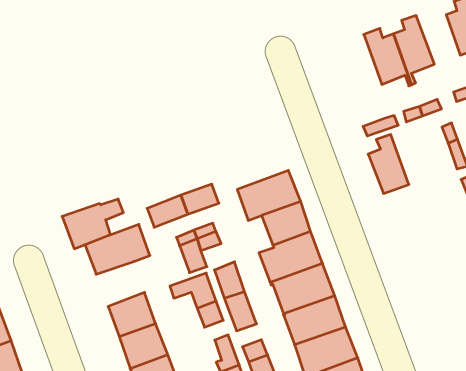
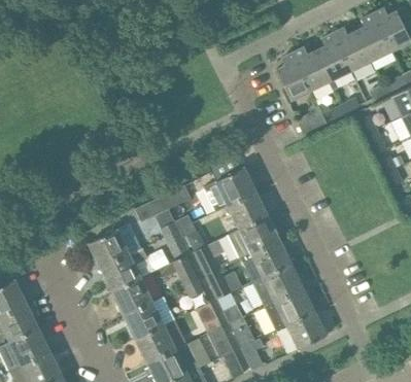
building: none -> [333,28,371,71]
building: [368,135,409,193] -> [276,54,311,101]
building: [62,199,123,249] -> [100,248,148,291]

